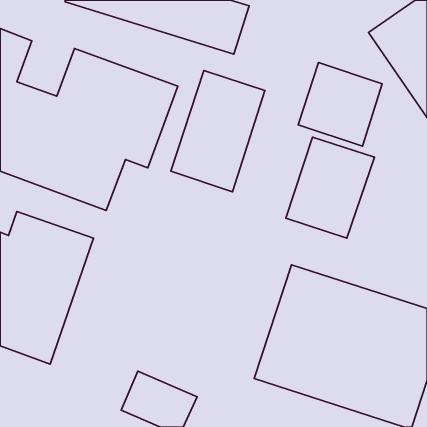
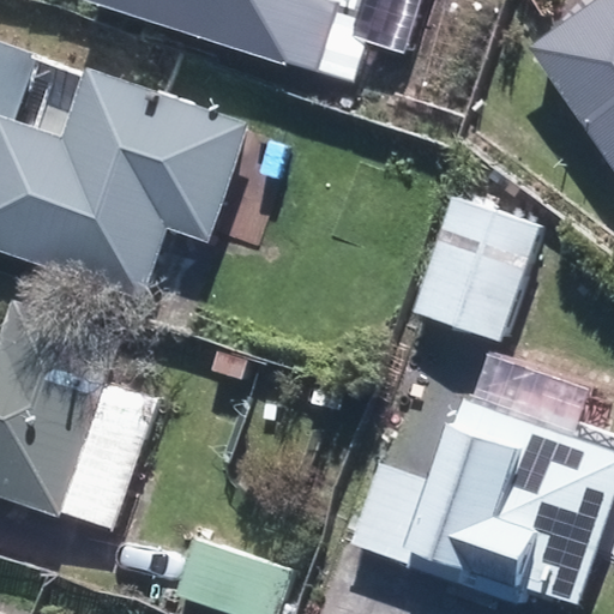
building: [298,63,382,146] -> none
building: [171,70,265,192] -> none

